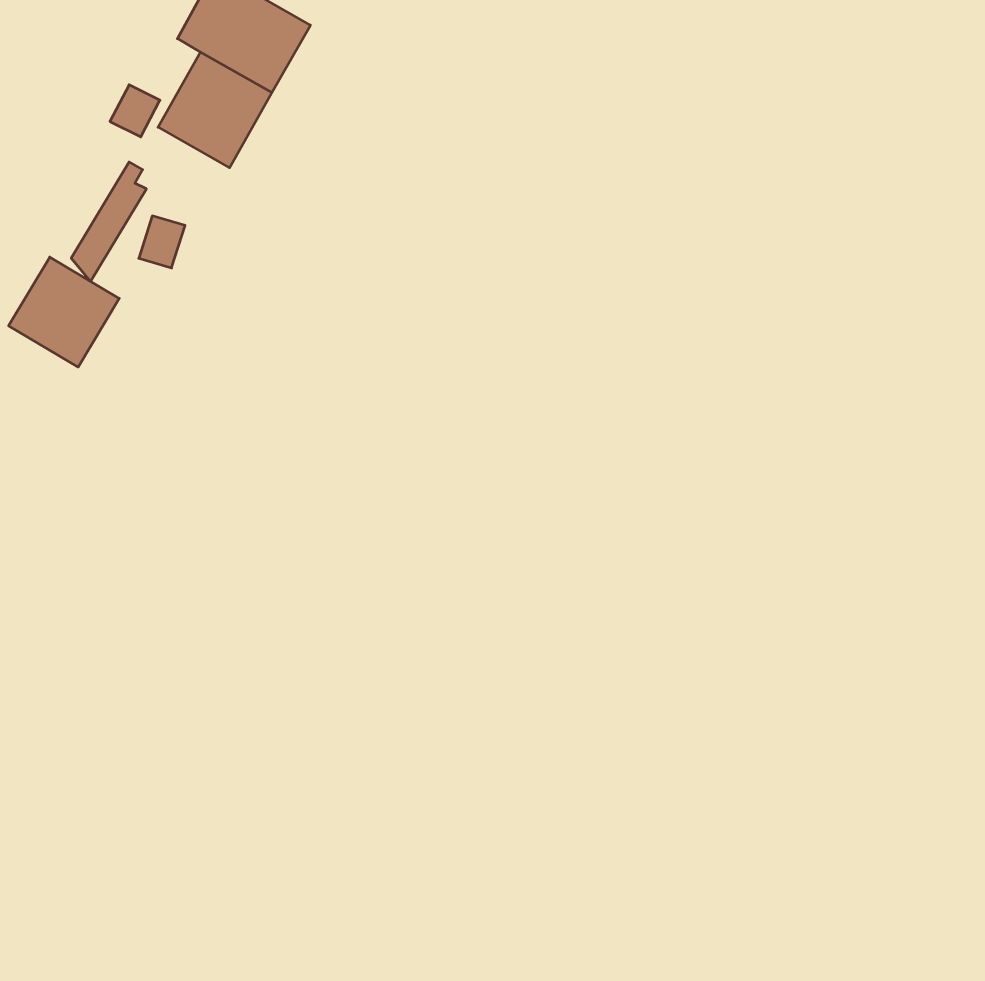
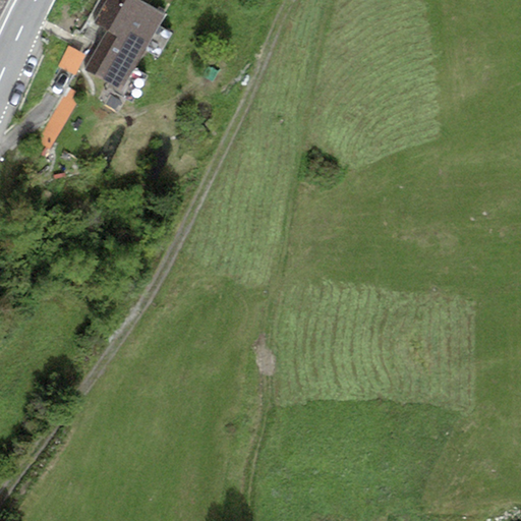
building: [9,257,119,367] -> none

